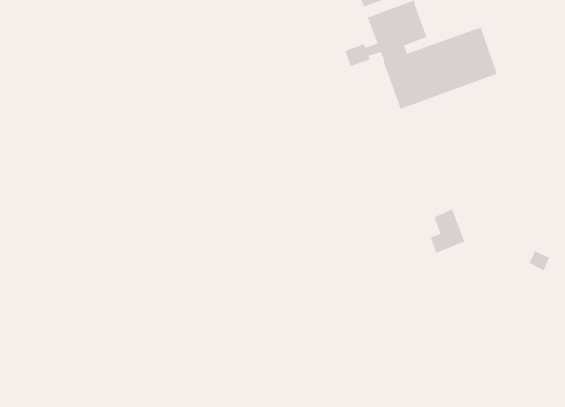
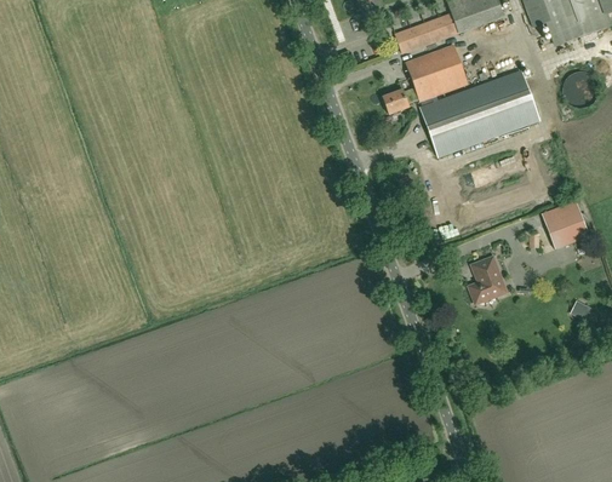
building: none -> [561,70,599,107]
building: none -> [542,201,589,248]

